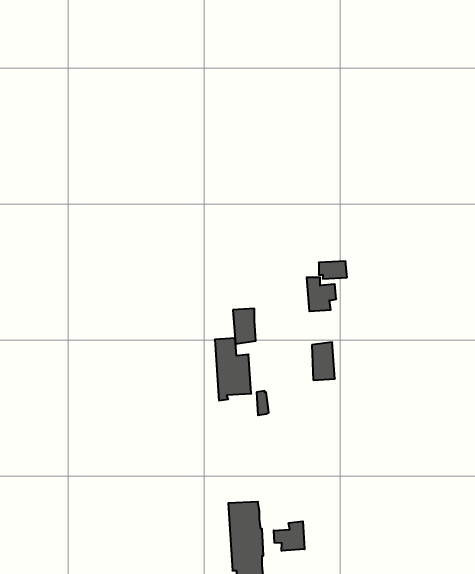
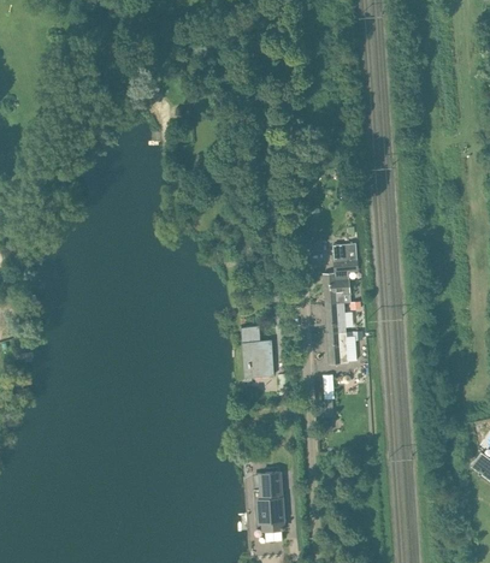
building: [233,309,256,344] -> [326,301,347,332]
building: [274,521,305,551] -> none

